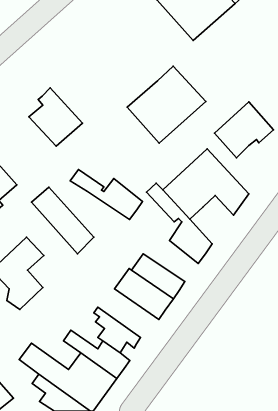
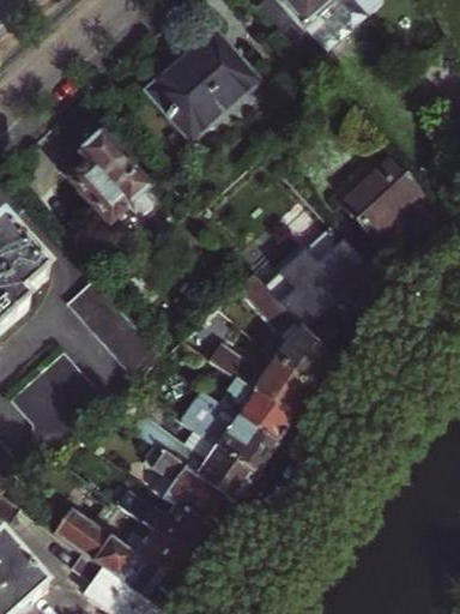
building: [127,66,206,143] -> [145,28,260,140]
building: [70,169,143,220] -> [208,344,314,417]
building: none -> [129,415,256,502]

